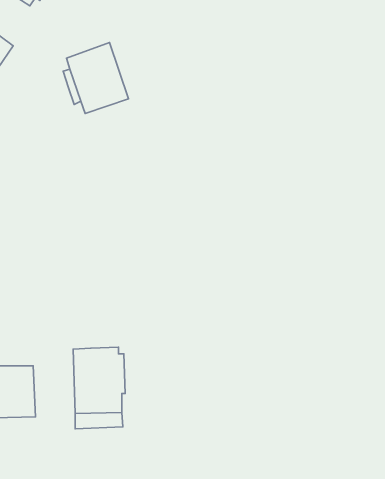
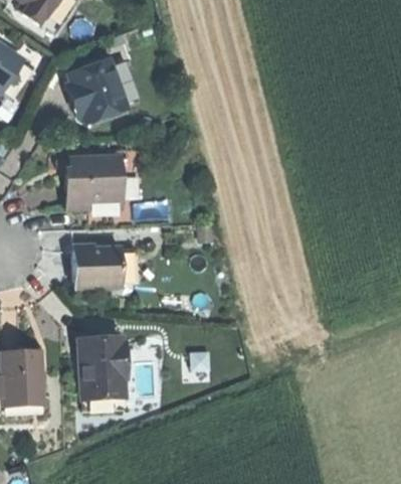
building: none -> [66,156,125,210]
building: none -> [76,250,125,287]

